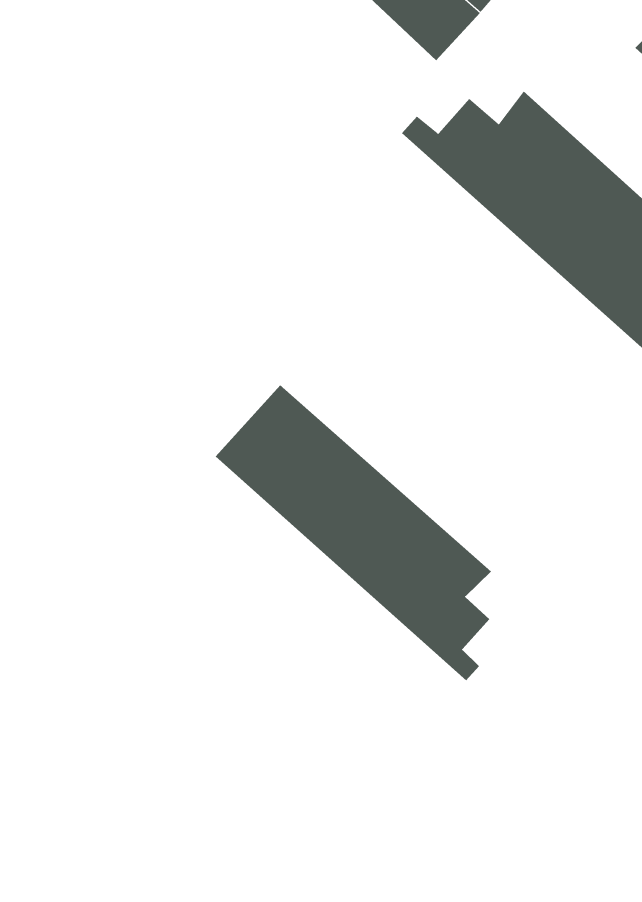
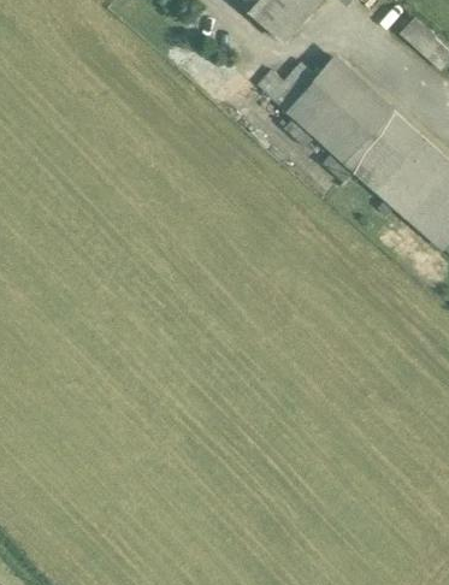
building: [215,384,492,681] -> none

